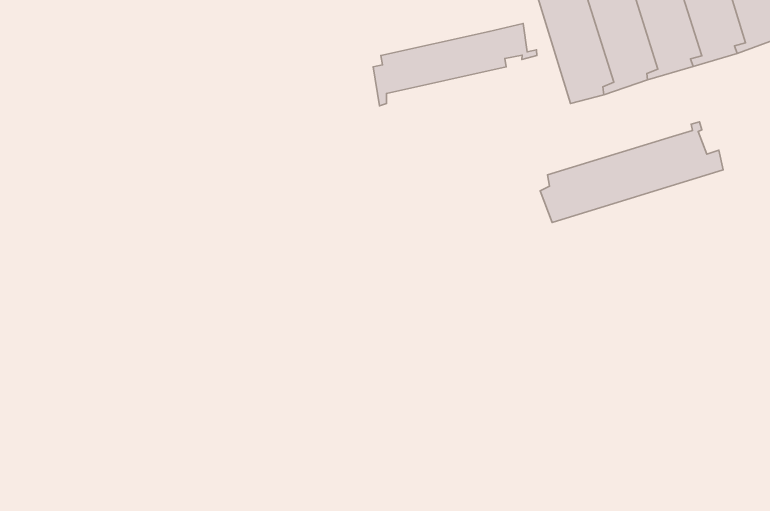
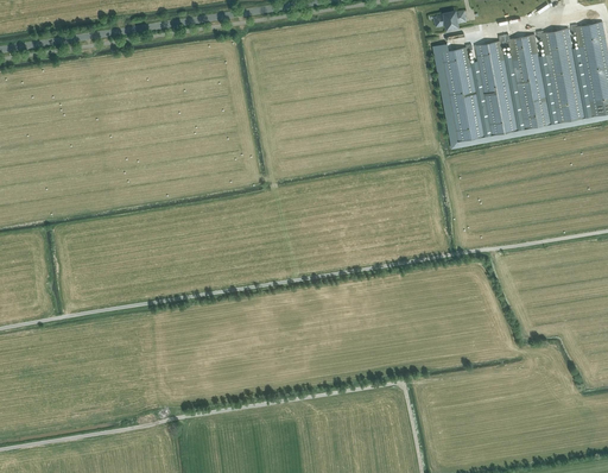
building: [373,23,537,106] -> none
building: [540,122,723,223] -> none

